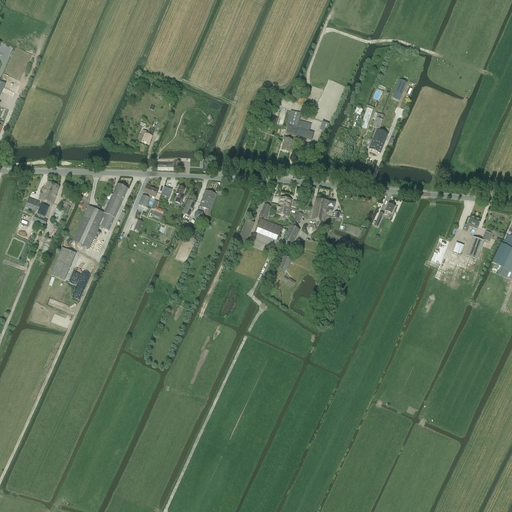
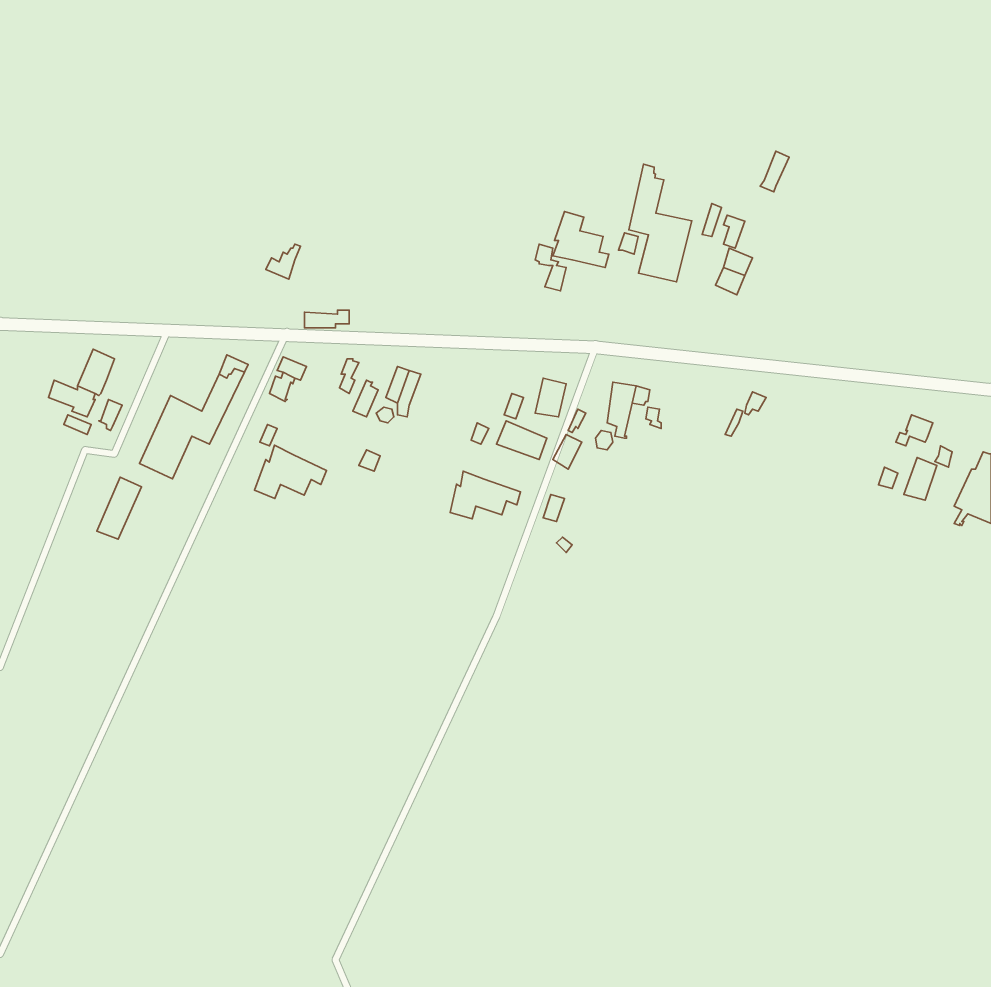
building: none -> [629,164,692,282]
building: none -> [255,445,326,498]
building: none -> [450,471,521,519]

